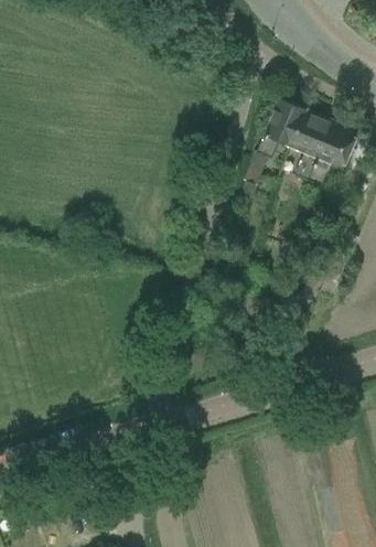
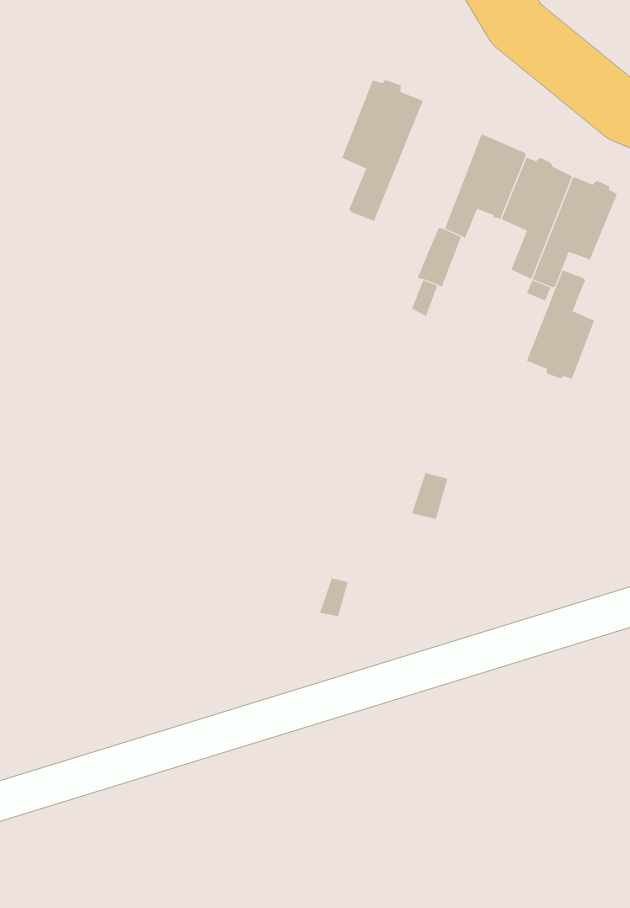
building: none -> [342,79,423,222]
building: none -> [526,269,595,380]

